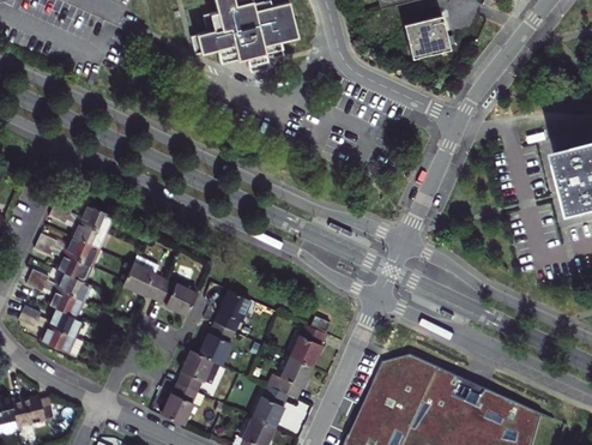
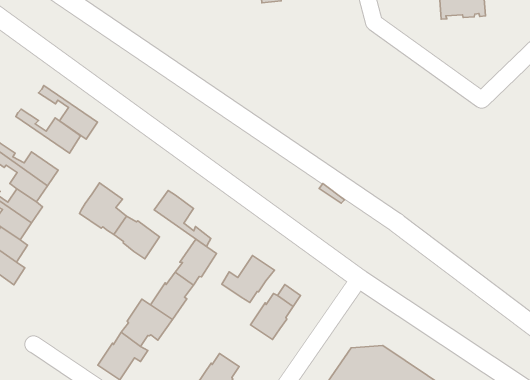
building: [48,209,104,249] -> [39,86,97,139]
building: none -> [154,190,211,246]
building: [267,356,312,398] -> [222,255,275,303]

